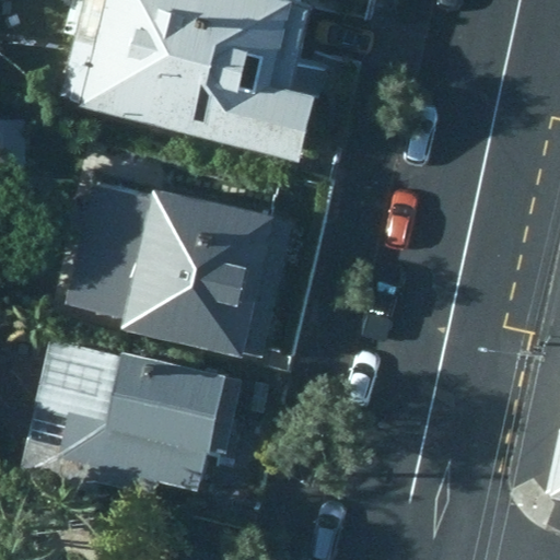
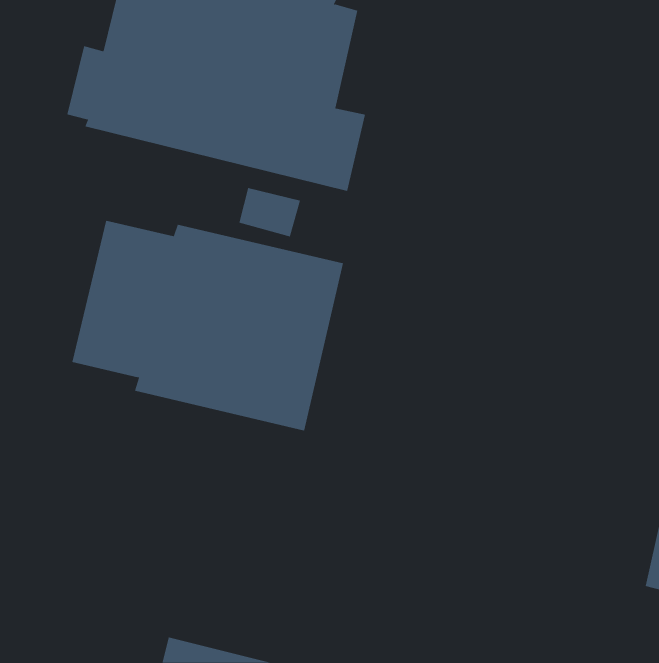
building: [22,335,228,494] -> none

